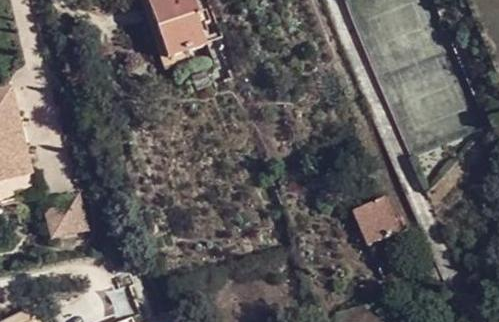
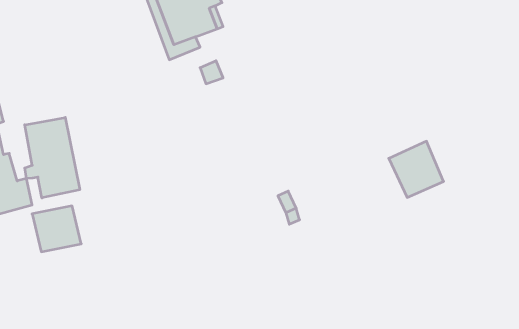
building: none -> [25,117,80,198]
building: [352,193,400,242] -> [389,141,444,197]

